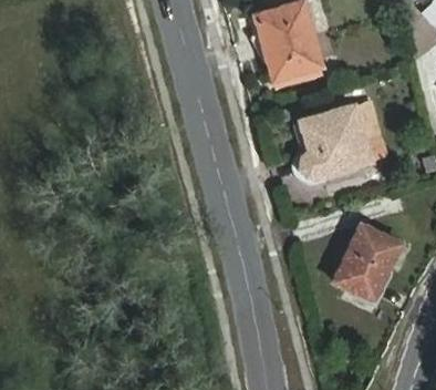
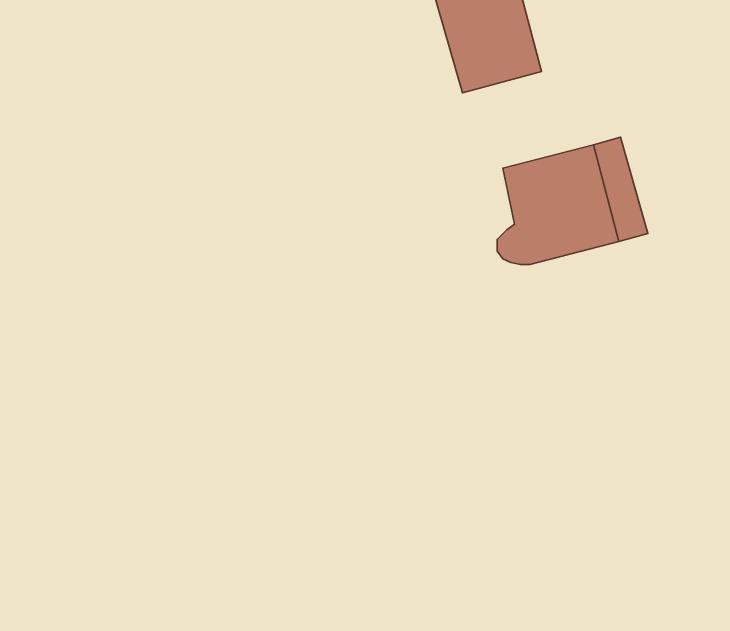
building: [333,225,401,297] -> none

